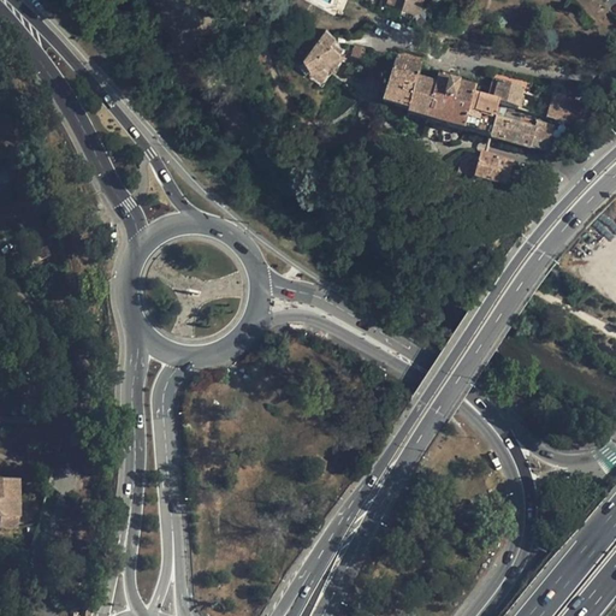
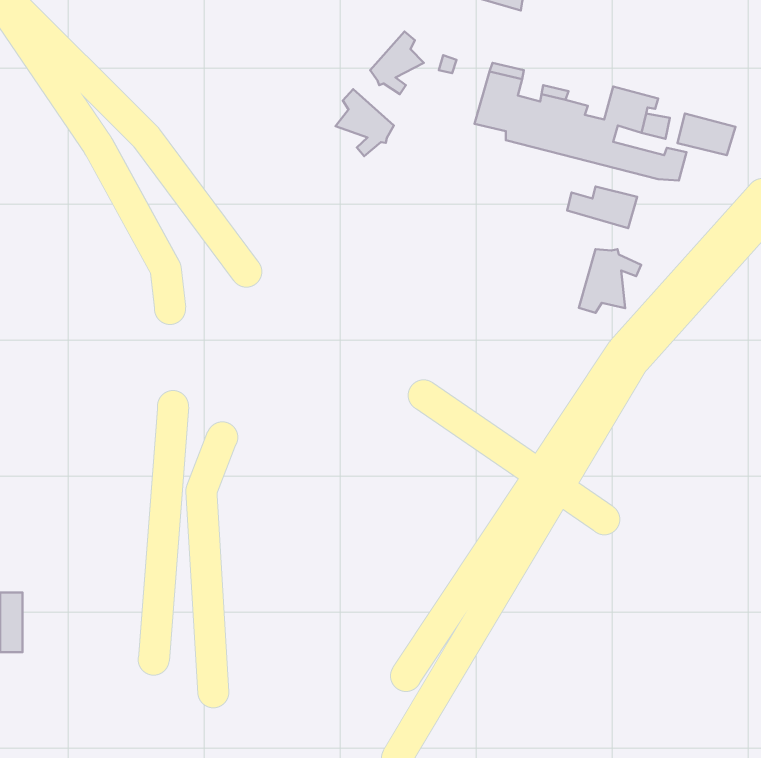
building: none -> [335,89,394,156]
building: none -> [579,249,641,313]

